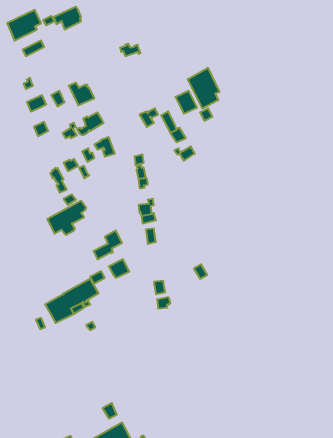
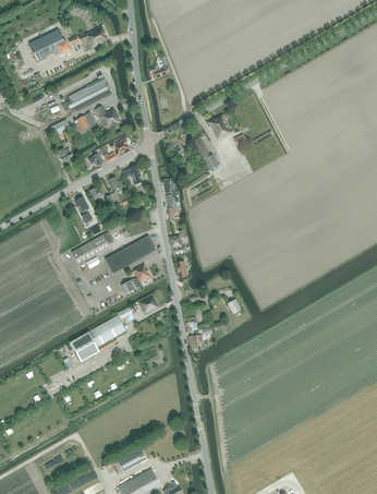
building: none -> [71,76,112,111]
building: [188,68,219,108] -> none
building: none -> [106,234,157,273]

